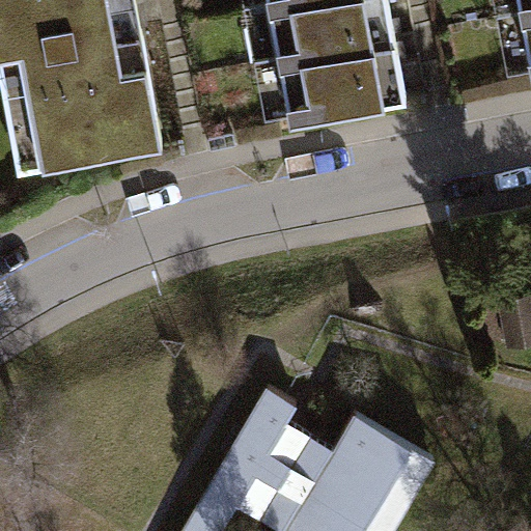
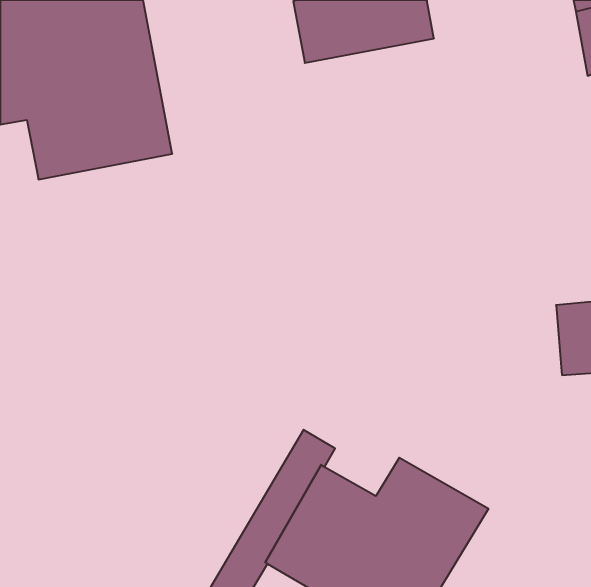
building: [275,41,401,120] -> none

